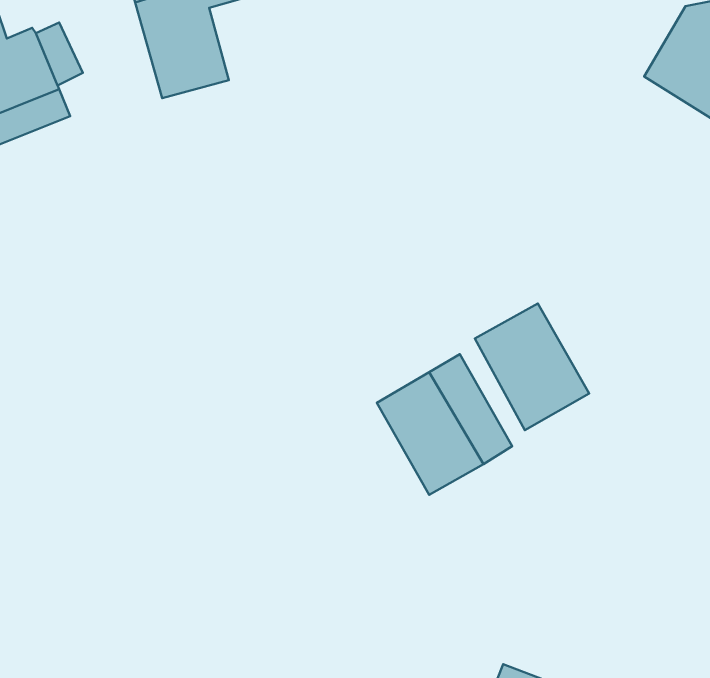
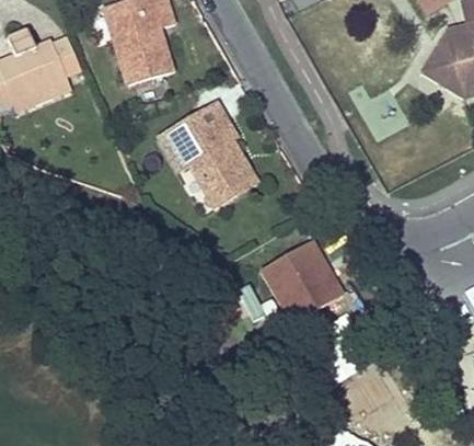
building: none -> [162,102,257,203]
building: [475,303,589,430] -> none

